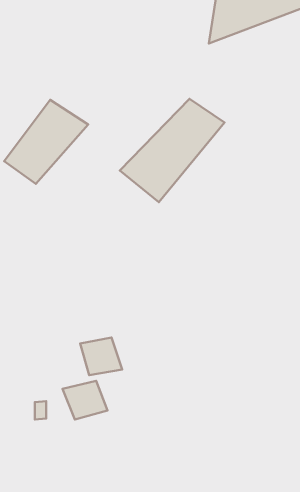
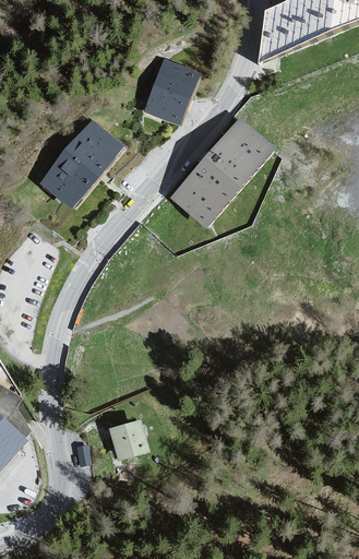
building: none -> [147,57,203,124]
building: [80,337,122,375] -> none

